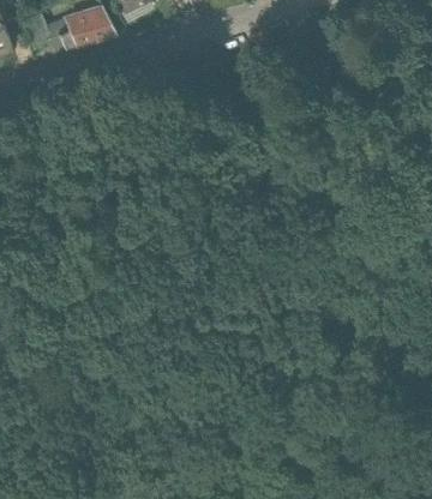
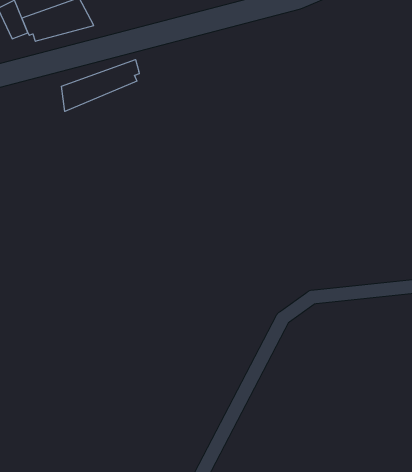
building: none -> [61,60,139,111]

